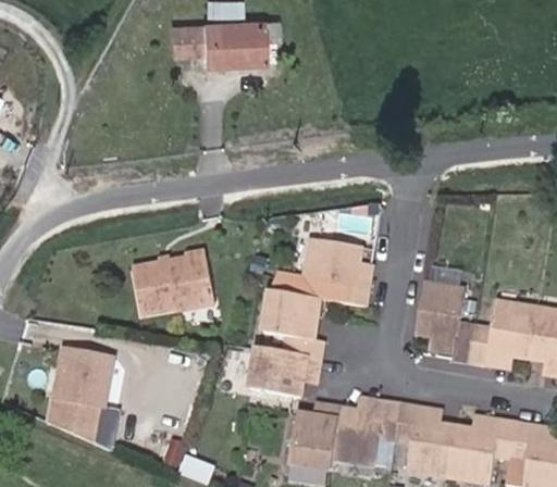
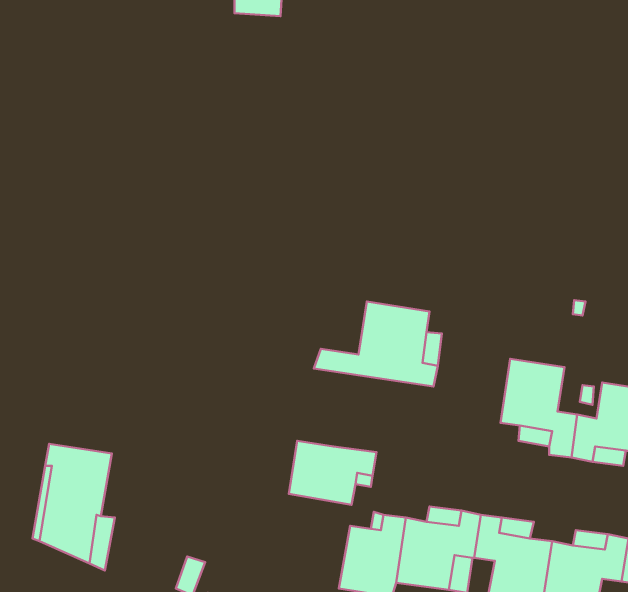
building: [171,20,275,64] -> none
building: [132,253,214,313] -> none
building: [263,290,321,355] -> none

